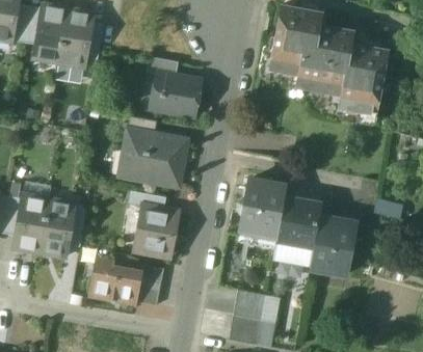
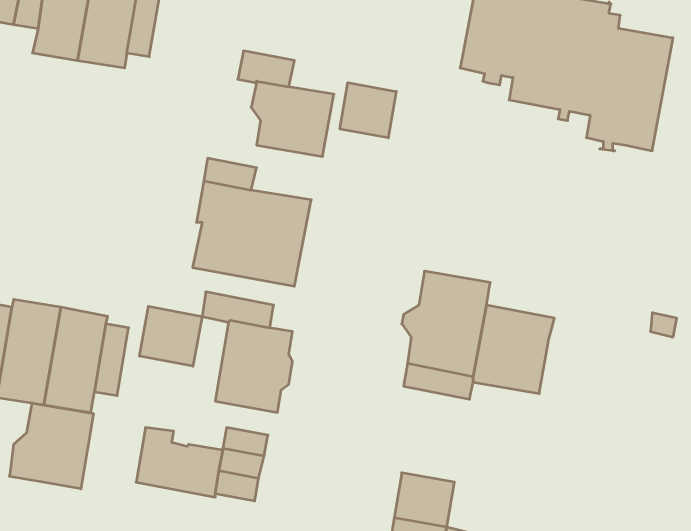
building: none -> [340,83,396,138]
building: none -> [139,306,202,366]
building: [309,216,355,274] -> none
building: none -> [9,403,93,489]

